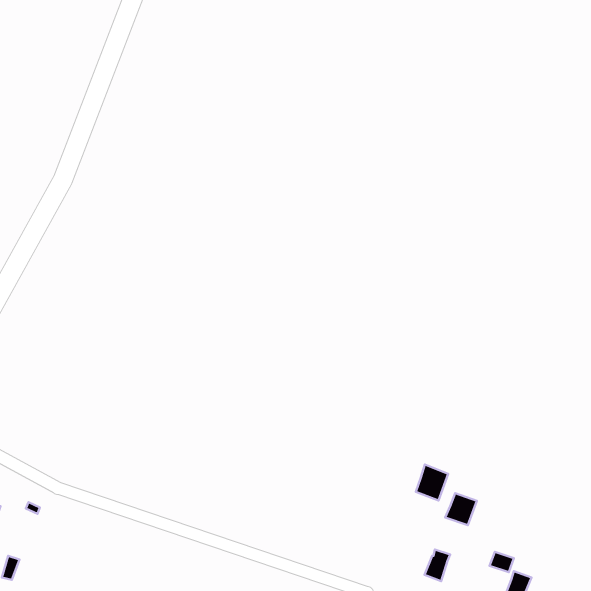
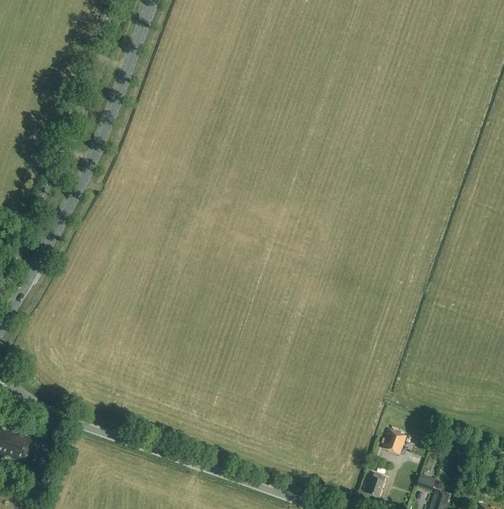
building: [416,464,448,500] -> none

